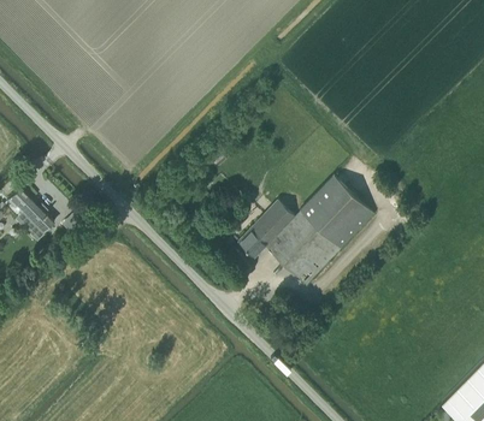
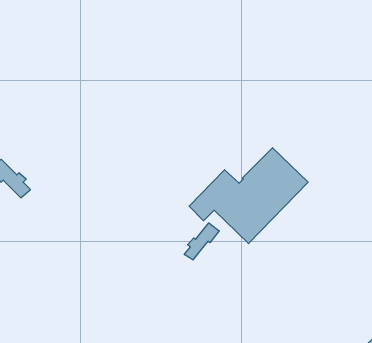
building: none -> [184,223,219,260]

